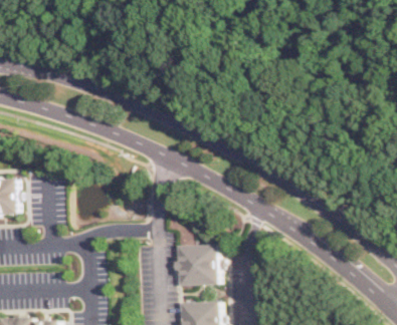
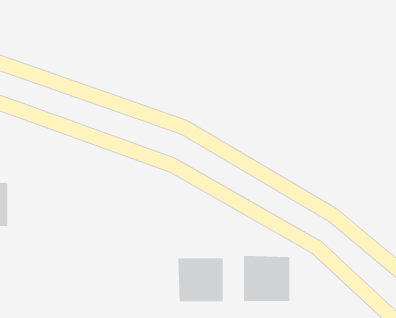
building: none -> [243,255,290,302]

